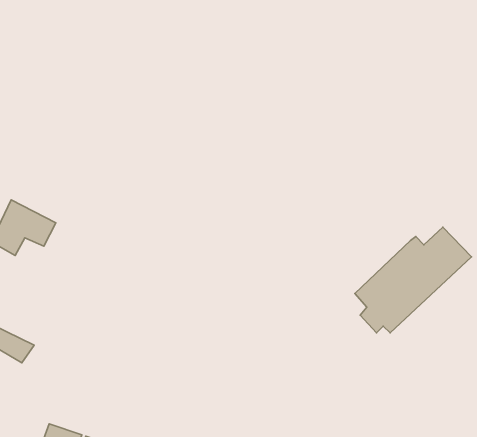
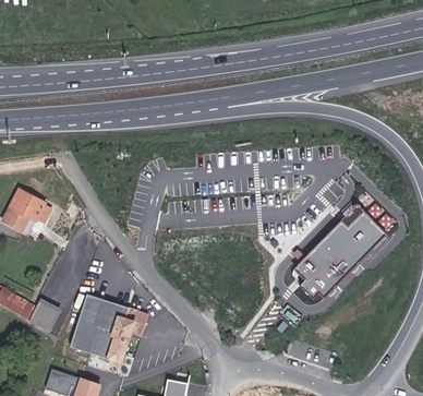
building: none -> [68,293,147,364]

